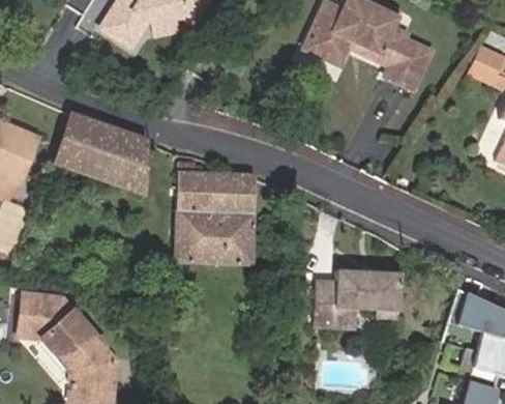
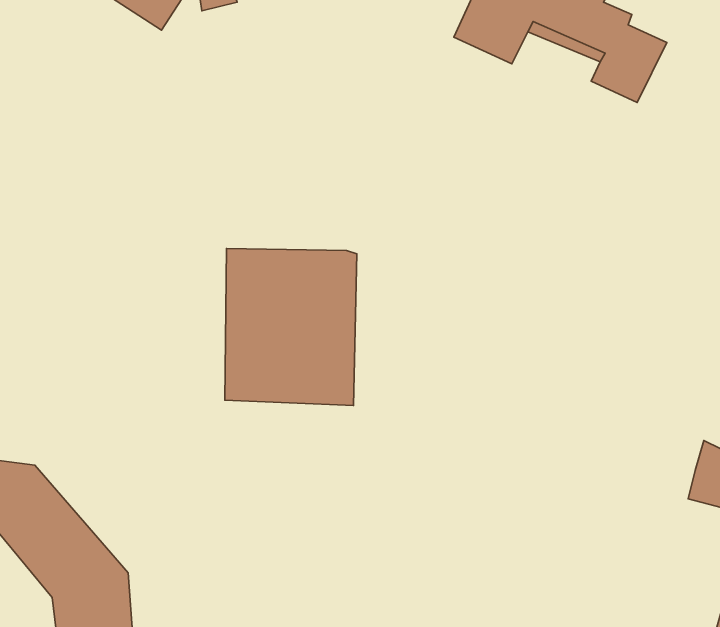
building: [53,113,143,197] -> none
building: [313,267,405,330] -> none

